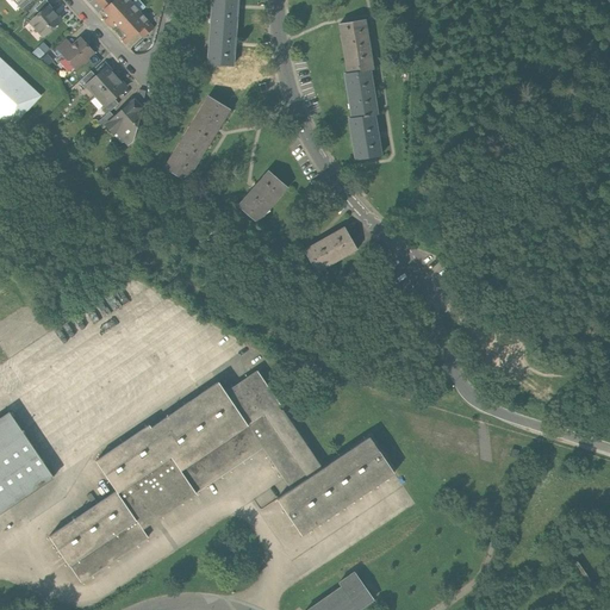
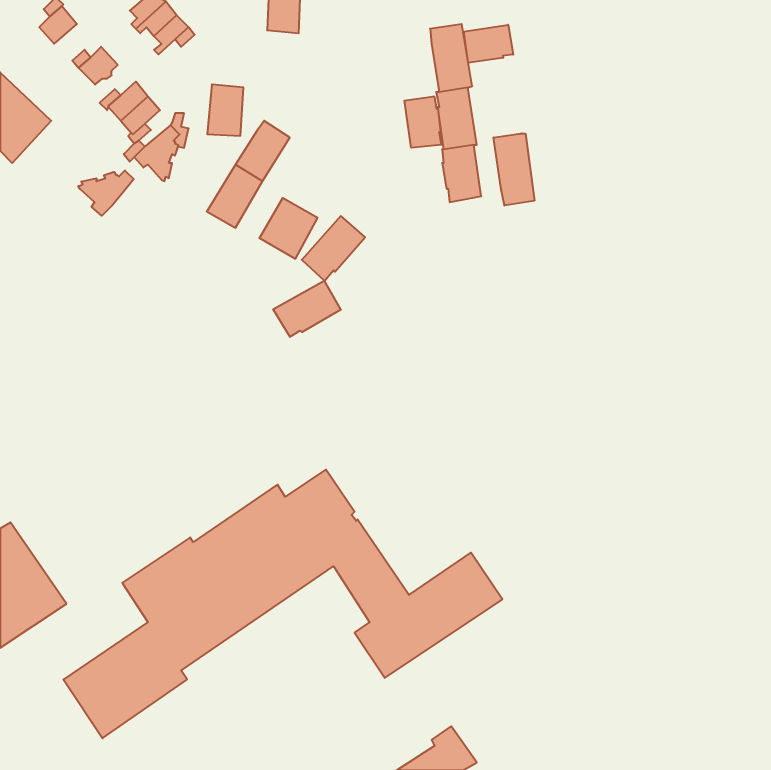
building: none -> [464,25,513,63]
building: [207,24,236,64] -> [207,84,243,136]
building: none -> [404,96,441,148]
building: none -> [494,133,534,206]
building: none -> [78,170,134,216]
building: none -> [259,198,317,259]
building: [304,226,357,270] -> [273,281,341,337]

